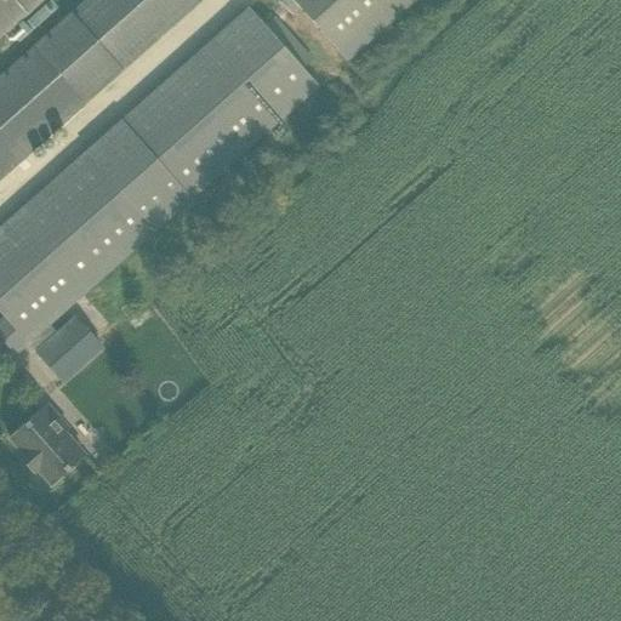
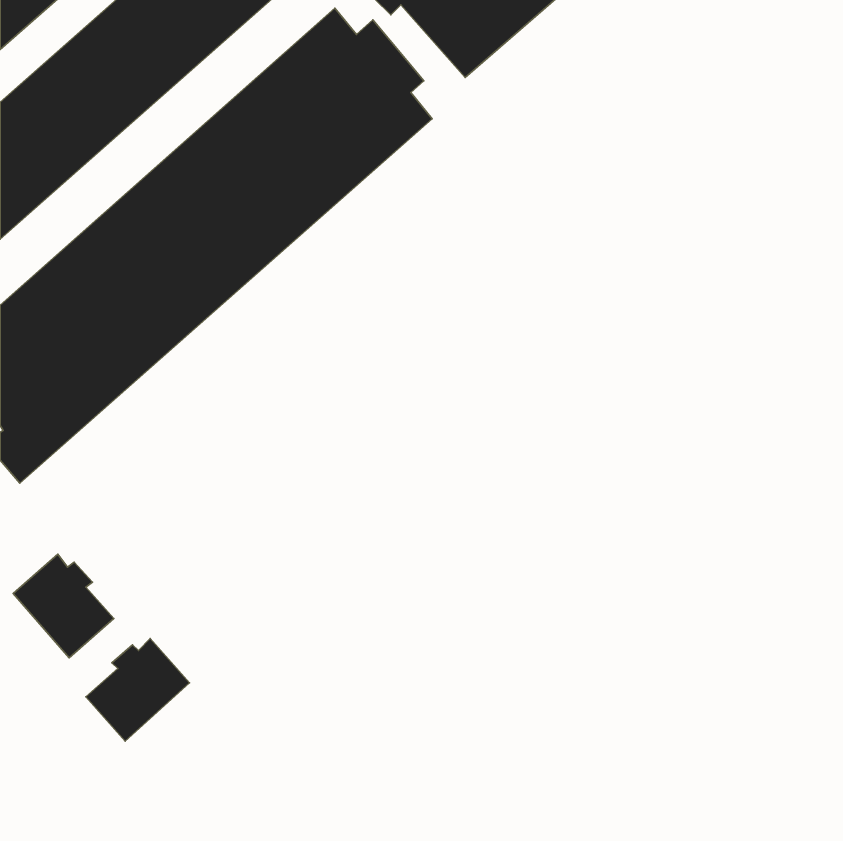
building: [38,319,102,383] -> none
building: none -> [86,638,190,741]

